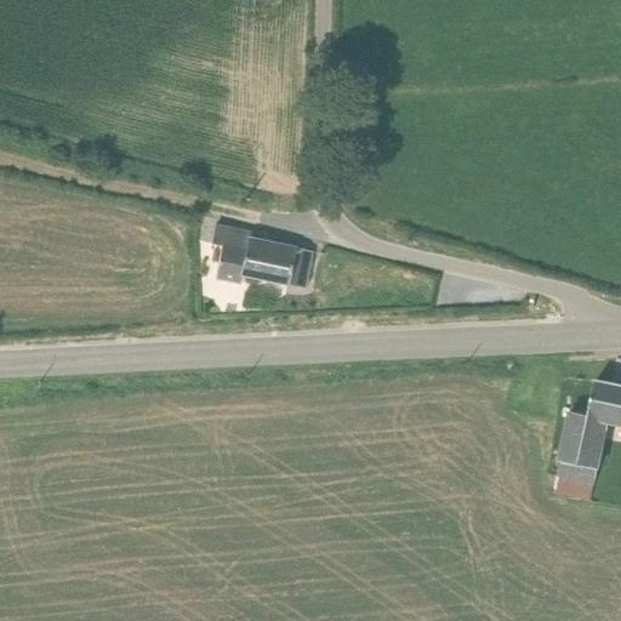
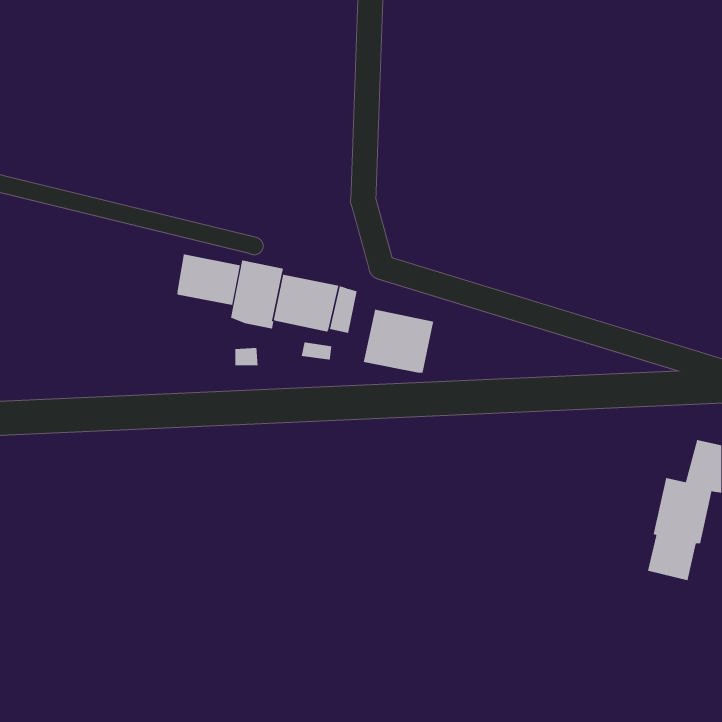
building: none -> [177,253,240,306]
building: none -> [363,309,434,374]

